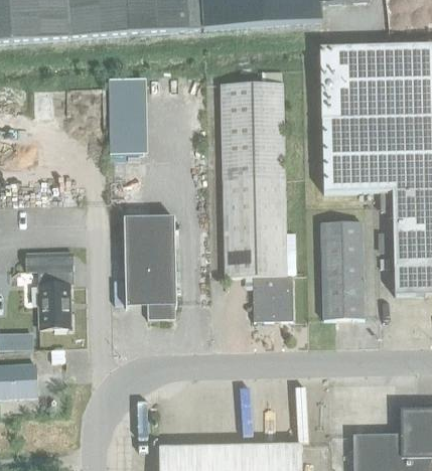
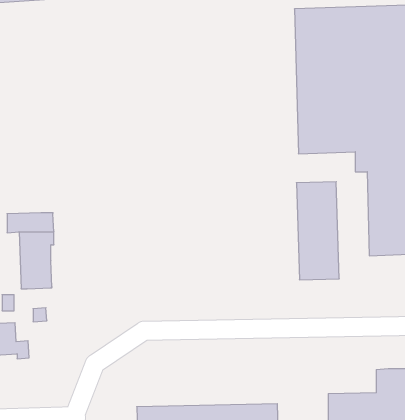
building: [118,75,152,147] -> none
building: [220,82,292,320] -> none
building: [122,215,175,318] -> none

